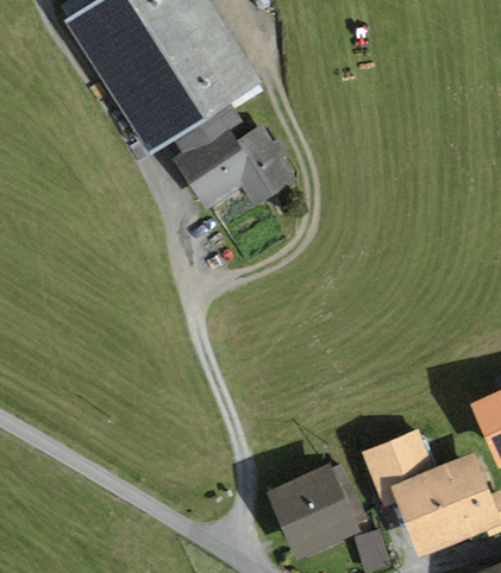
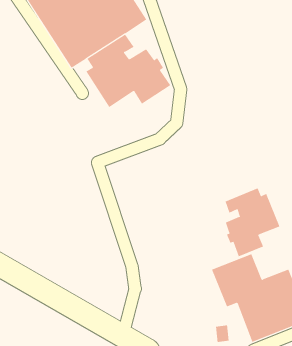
building: none -> [225,187,280,257]
building: [265,462,365,559] -> none

